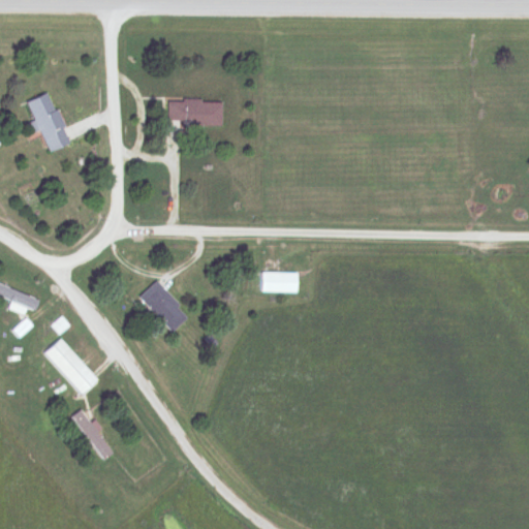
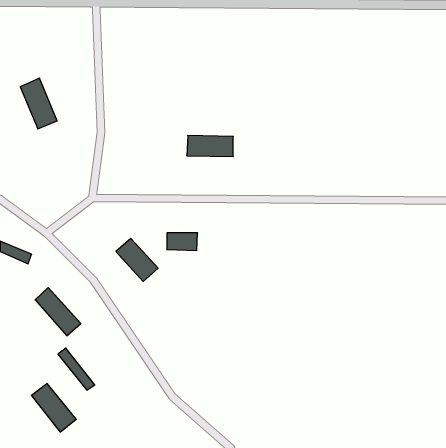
building: [167,100,222,125] -> [187,136,233,157]
building: [260,272,297,292] -> [167,233,198,251]
building: none -> [31,384,76,432]

